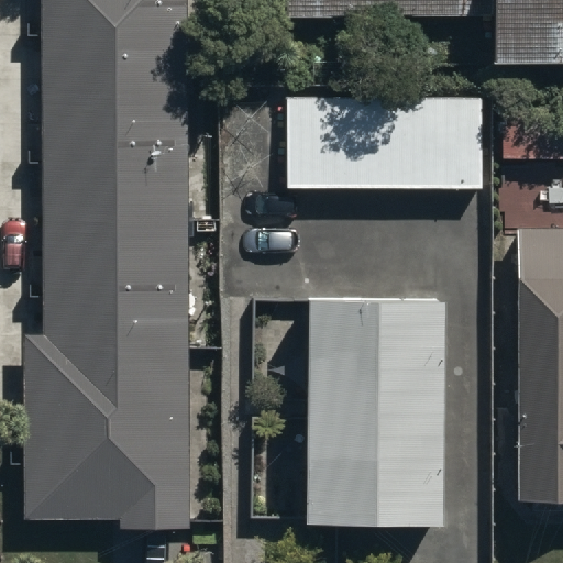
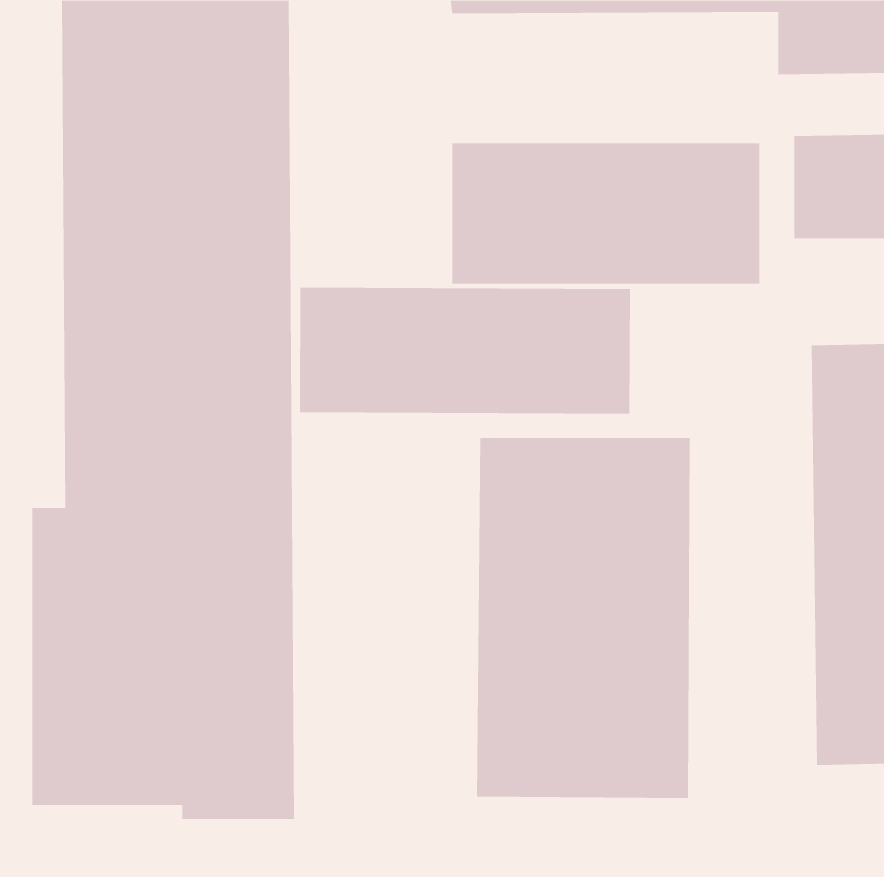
building: none -> [299,287,631,414]

